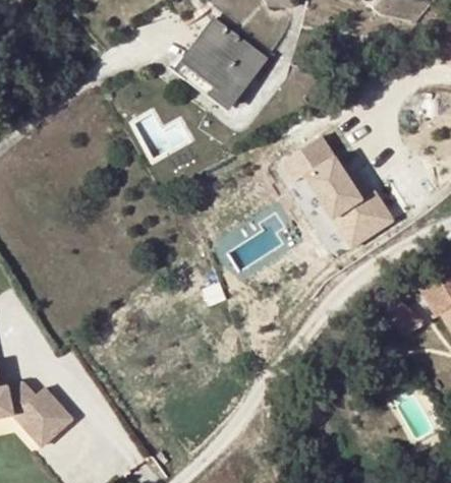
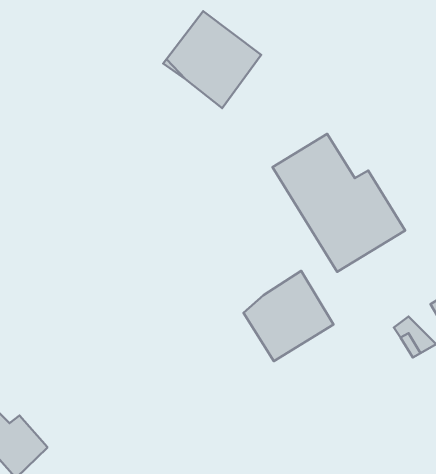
building: none -> [243,271,333,361]

